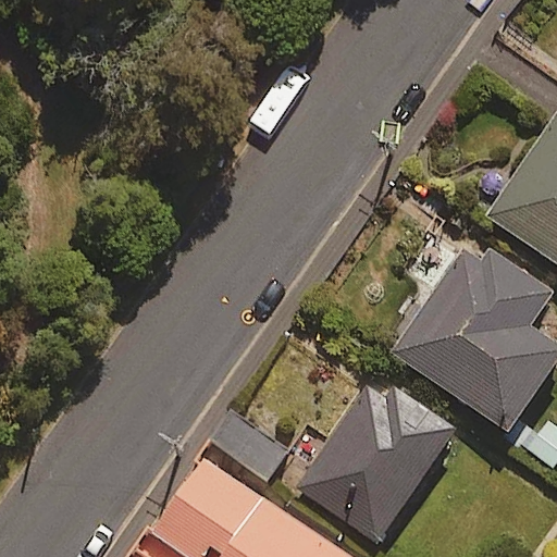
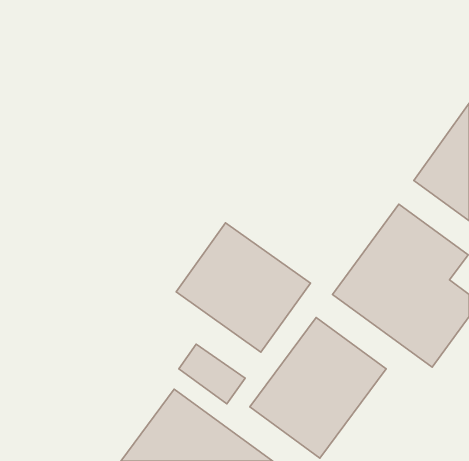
building: none -> [176,223,310,352]

